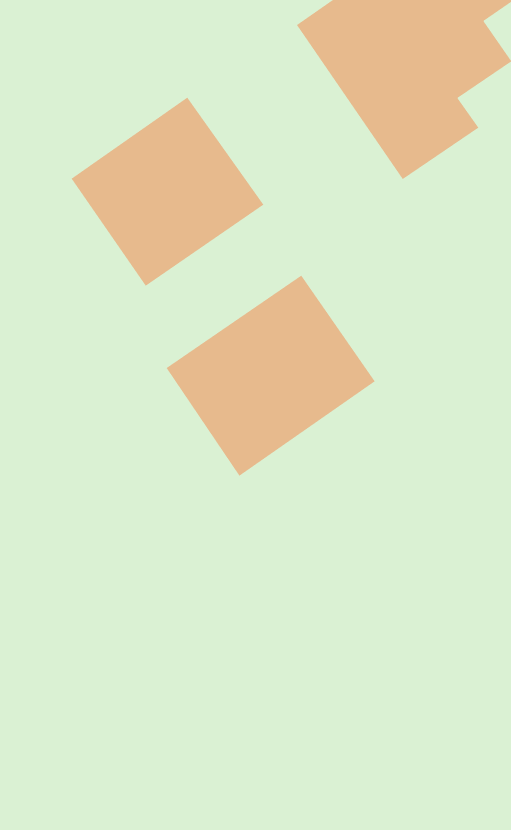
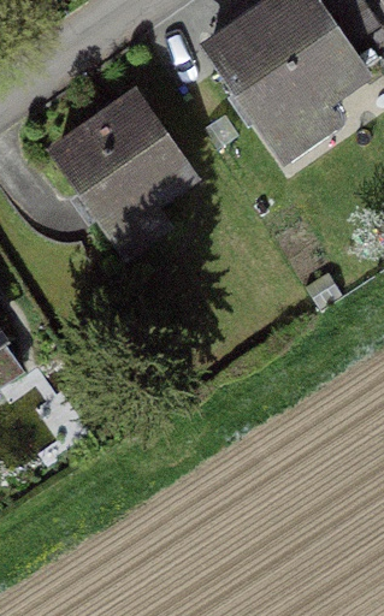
building: [166,274,376,477] -> none

